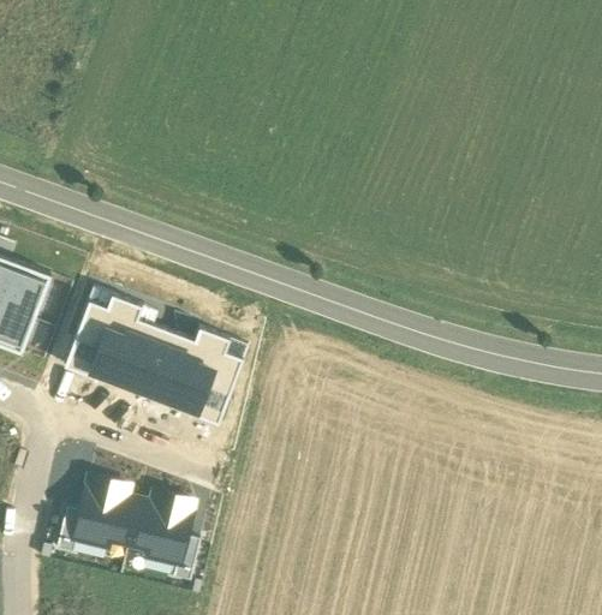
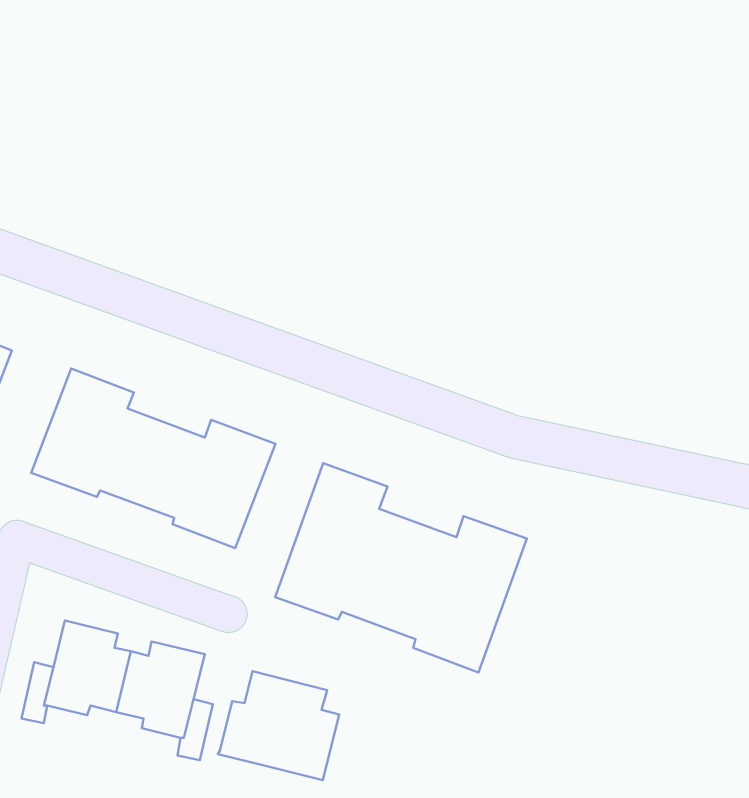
building: none -> [275,463,527,672]
building: none -> [218,671,339,780]

